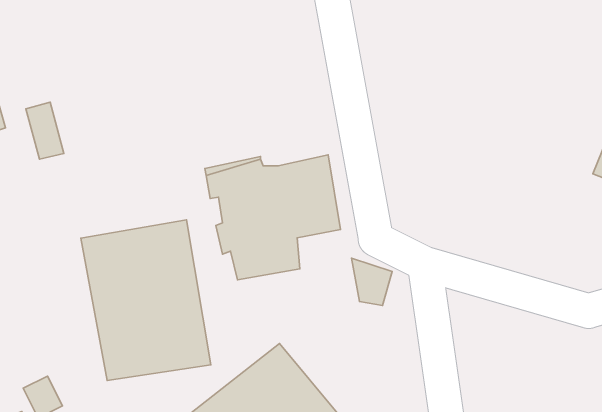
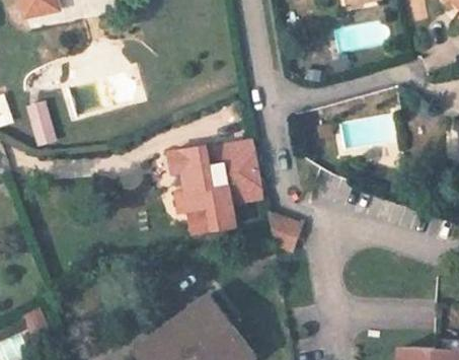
building: [81,220,211,381] -> none

